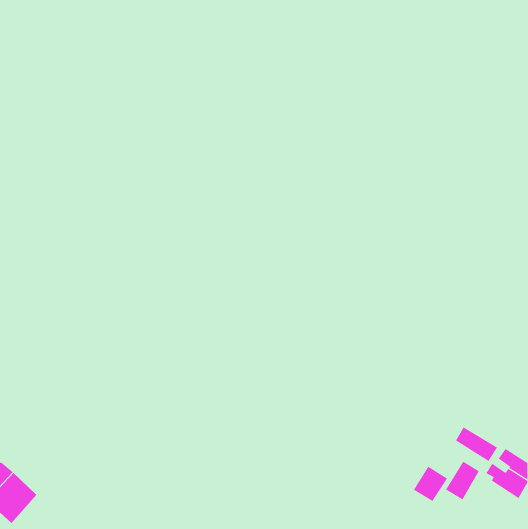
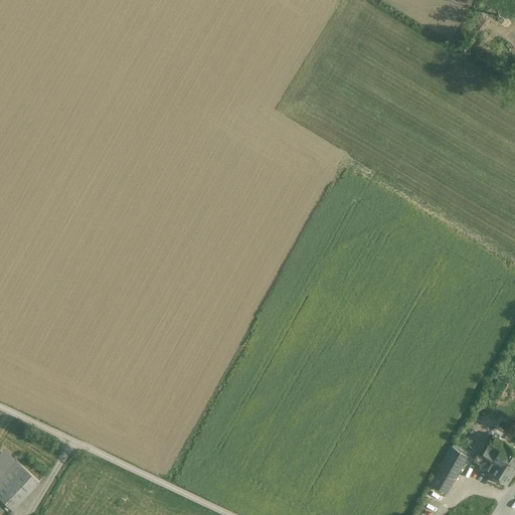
building: [455,427,498,462] -> none
building: [413,466,448,502] -> none

